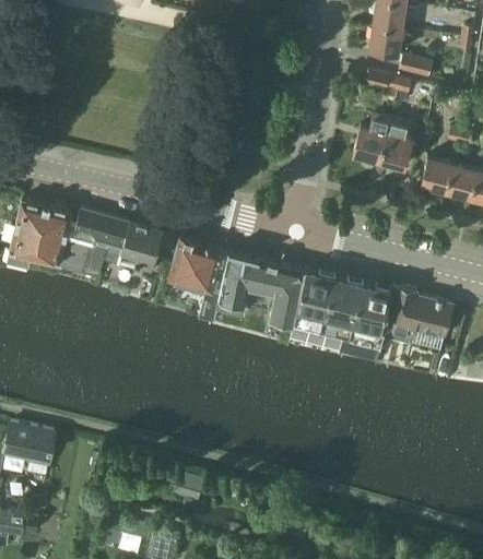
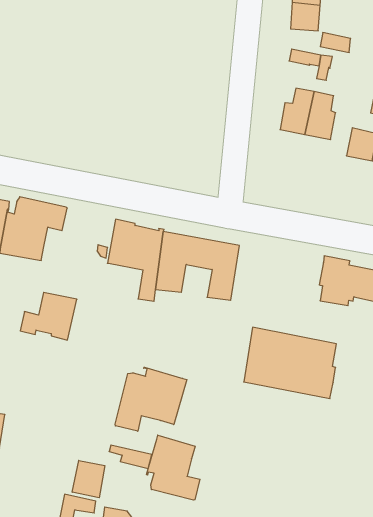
building: [105,224,165,274] -> [20,292,77,340]
building: [294,272,391,349] -> [244,327,336,399]
building: none -> [115,367,187,431]
building: none -> [147,435,200,500]
building: none -> [72,460,105,498]

